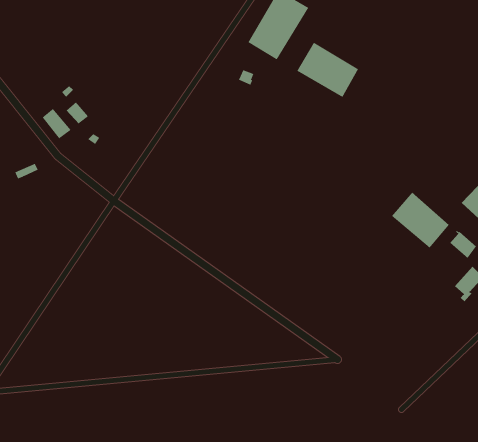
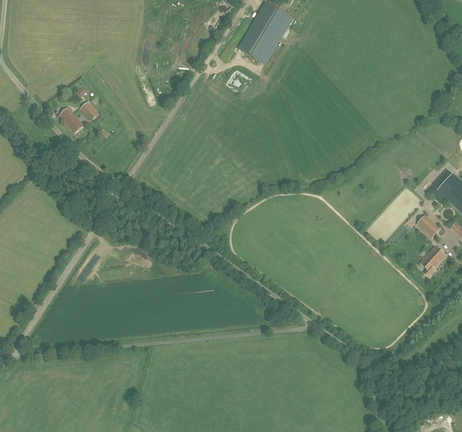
building: [296,42,359,98] -> none
building: [391,192,450,249] -> none

